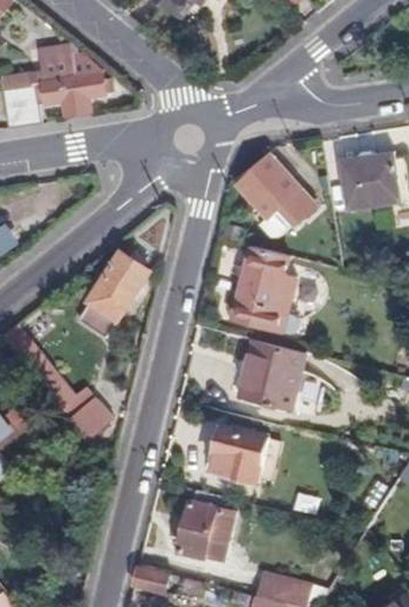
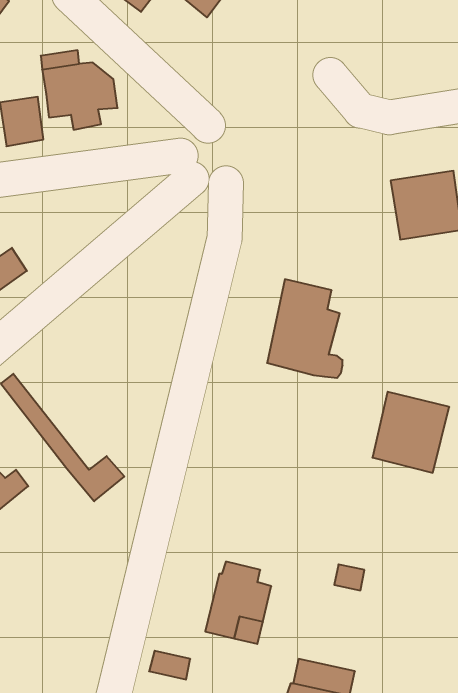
building: [236,154,313,222] -> none
building: [75,251,149,337] -> none
building: [238,338,305,408] -> [372,392,449,473]
building: [213,426,269,483] -> none

